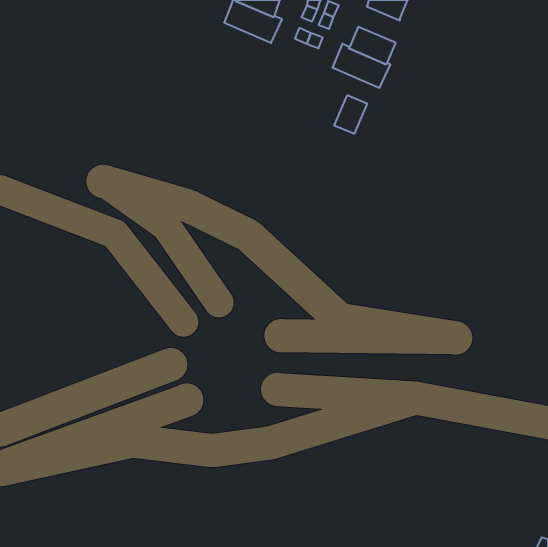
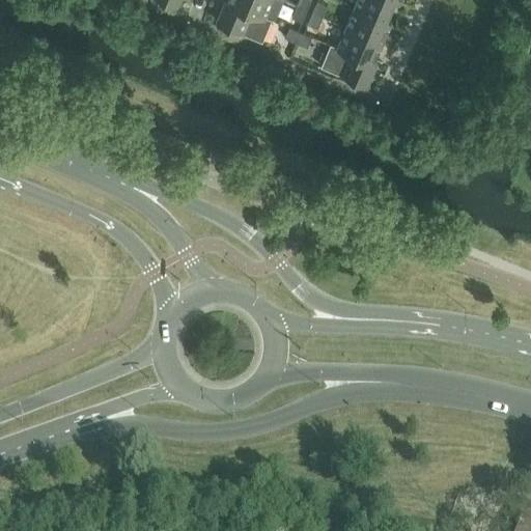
building: none -> [346,7,392,43]
building: [334,95,367,134] -> none

